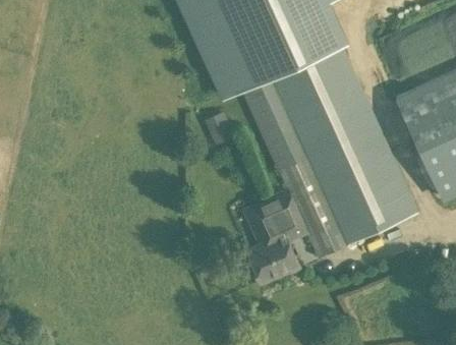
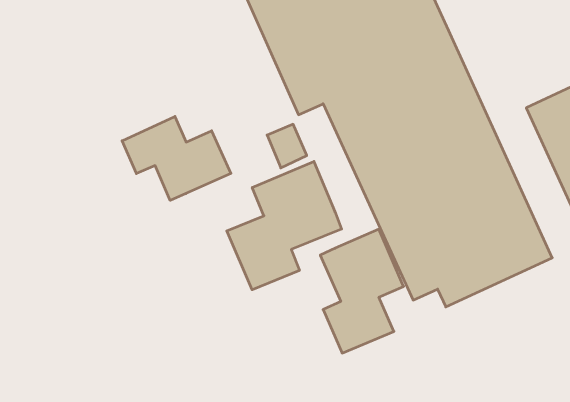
building: none -> [122,116,231,200]
building: none -> [227,161,342,290]

